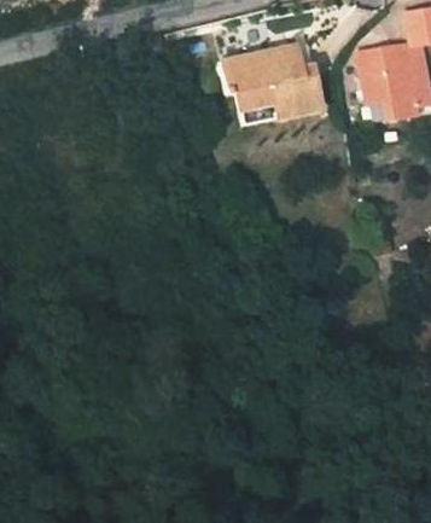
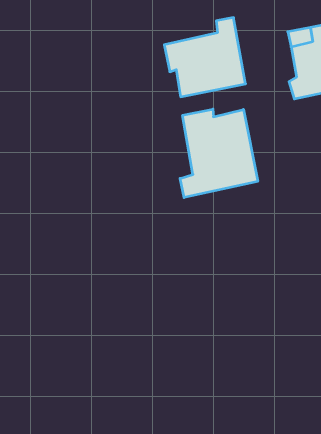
building: none -> [180,109,258,198]

